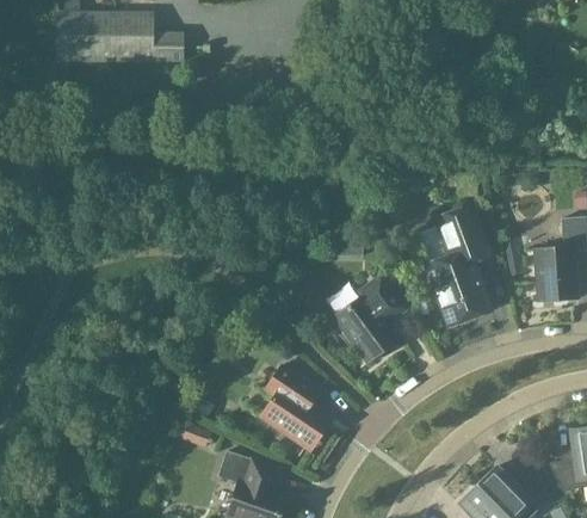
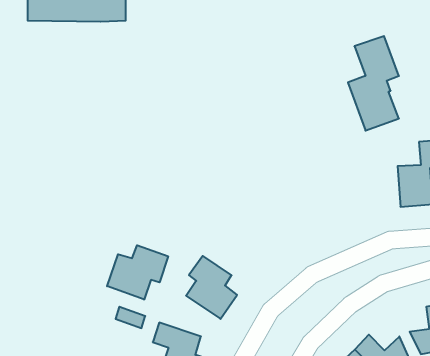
building: [425,204,490,326] -> [348,36,399,131]
building: [333,275,404,362] -> none
building: none -> [107,245,168,300]

